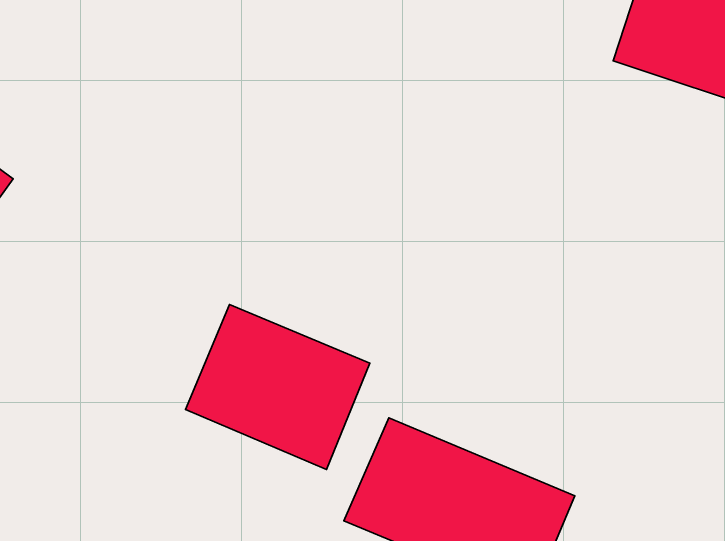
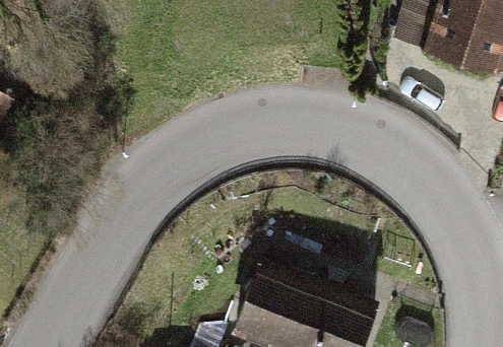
building: [185,304,370,469] -> none

